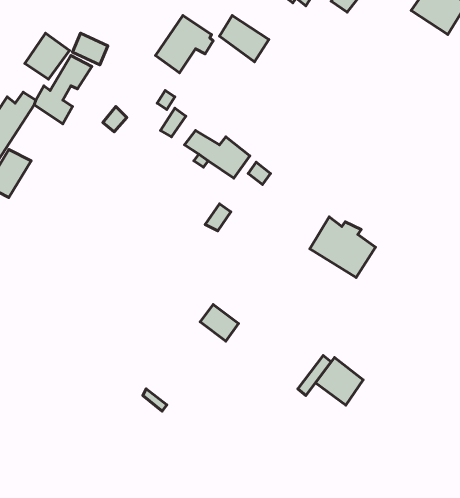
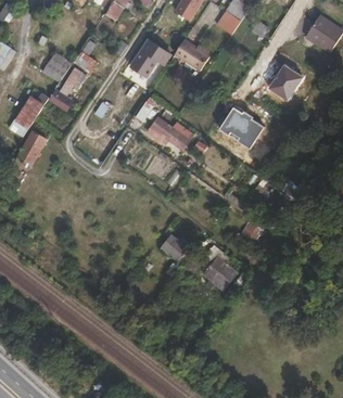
building: none -> [267,64,302,101]
building: [310,217,375,278] -> [218,108,263,150]
building: [315,357,363,405] -> [203,258,236,291]

